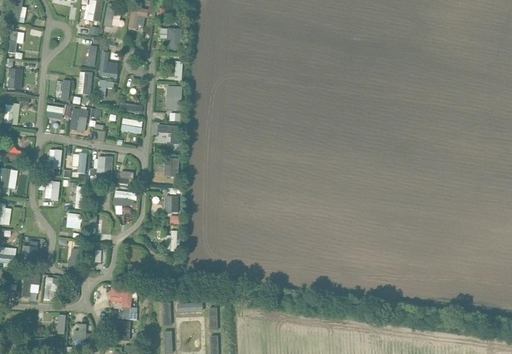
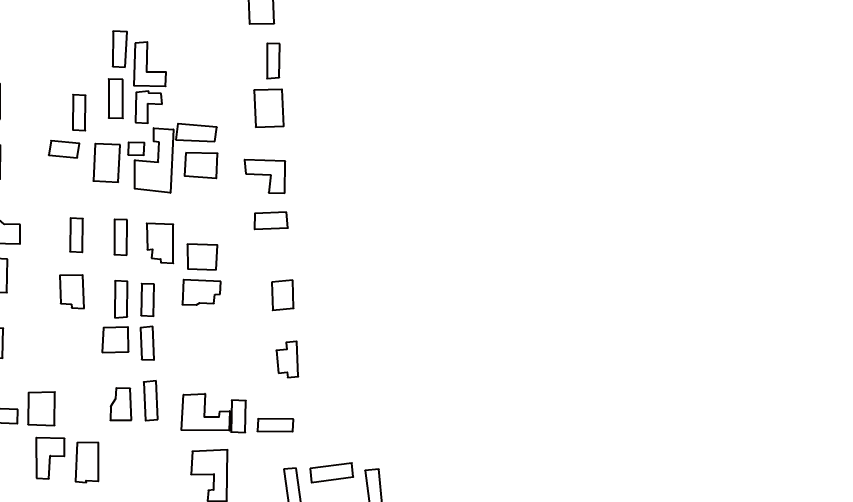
building: none -> [135,128,173,193]
building: none -> [181,394,230,431]

